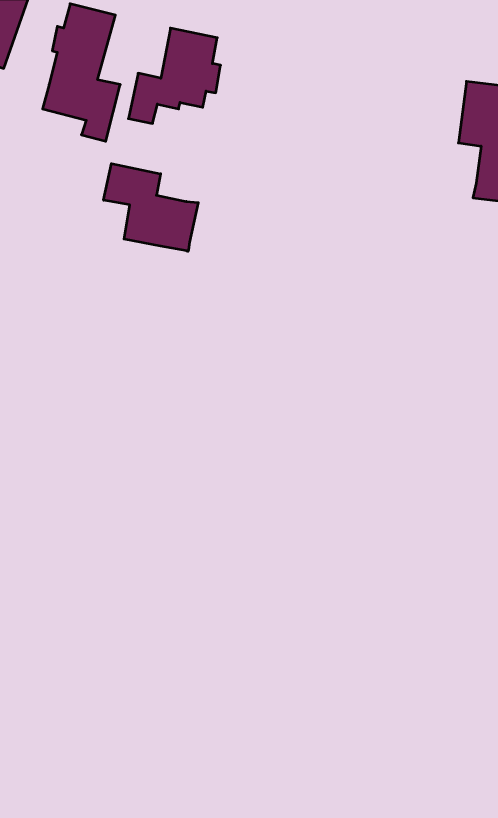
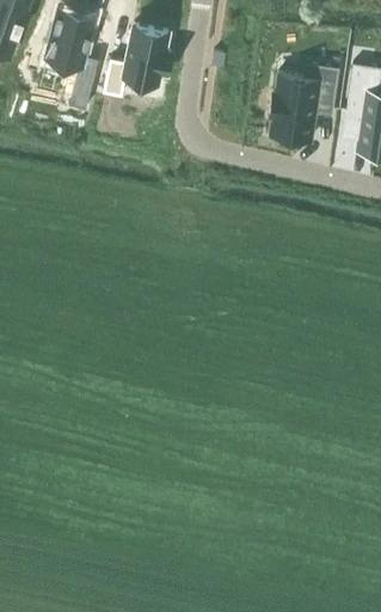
building: none -> [269,63,338,140]
building: [104,164,198,251] -> none

